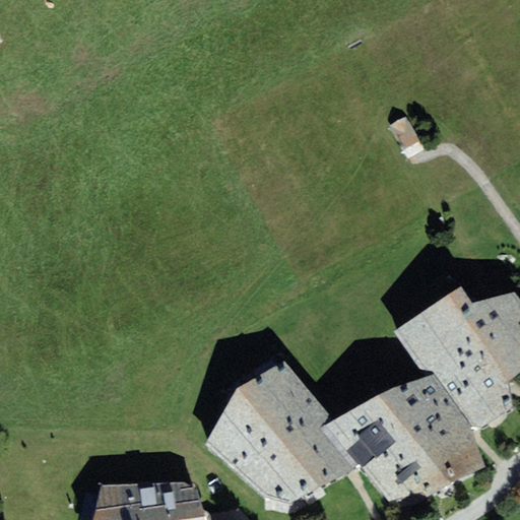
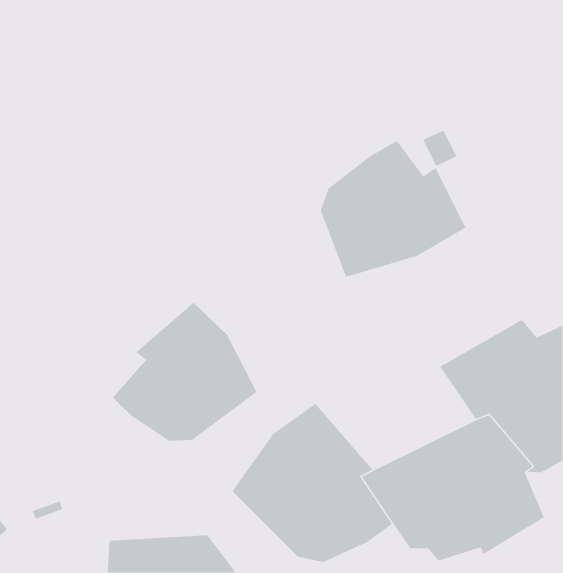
building: none -> [320,140,466,278]
building: none -> [112,302,258,442]

